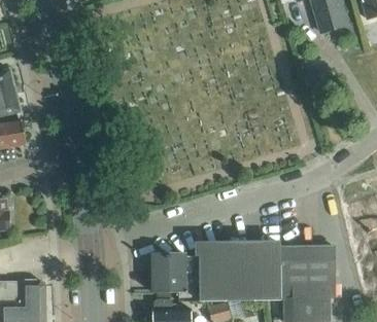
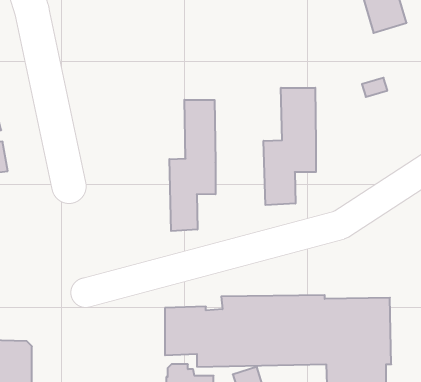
building: none -> [264,88,316,205]
building: none -> [169,100,215,231]

